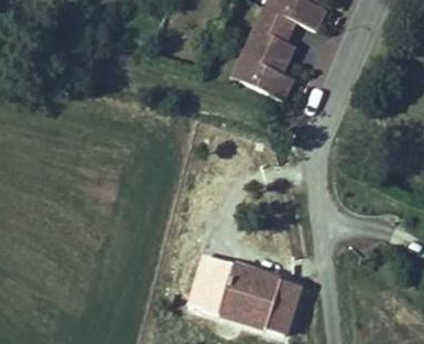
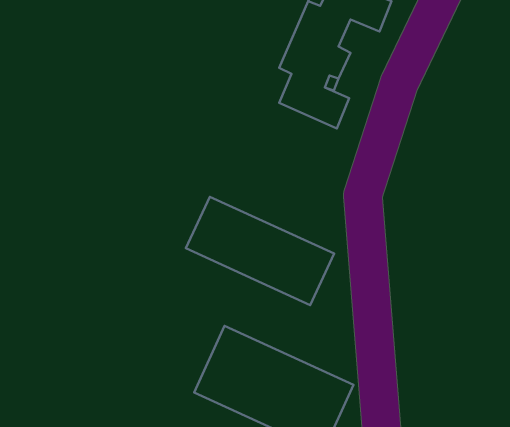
building: none -> [186,197,334,305]

